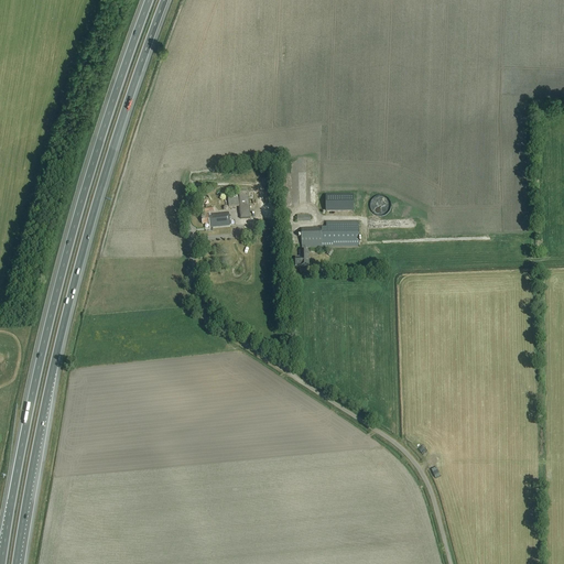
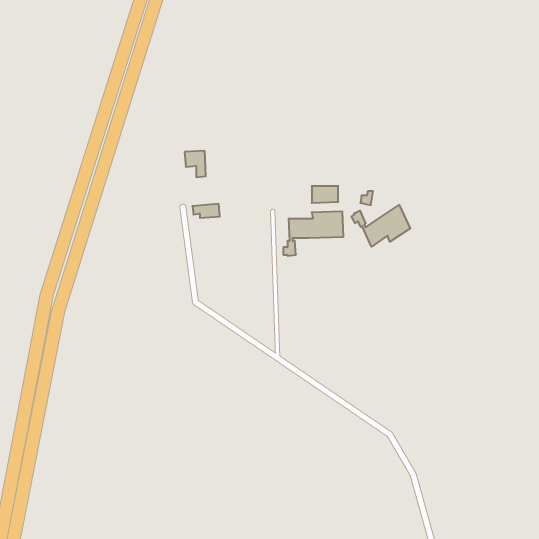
building: [228,189,250,217] -> [185,151,206,177]
building: none -> [352,205,410,247]

